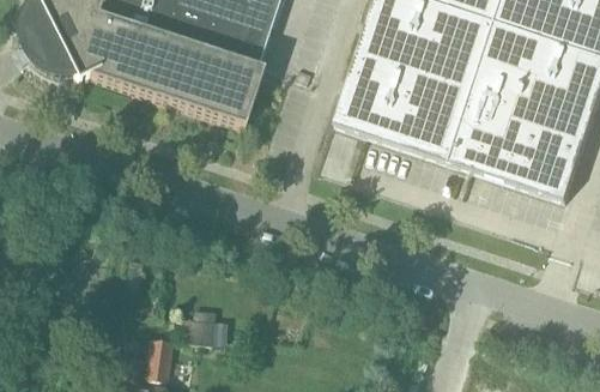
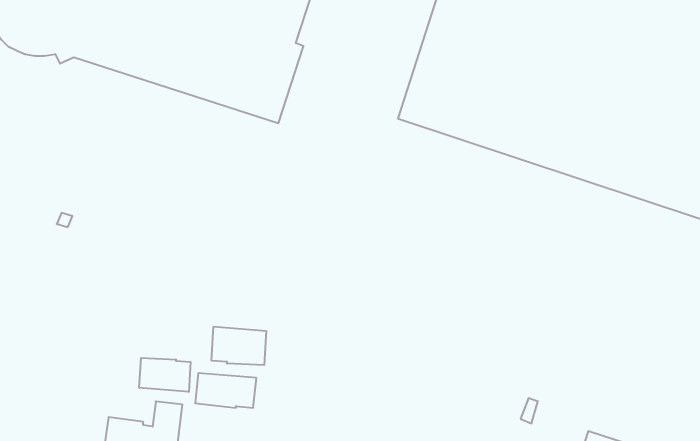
building: none -> [212,327,266,365]
building: none -> [139,358,191,392]

